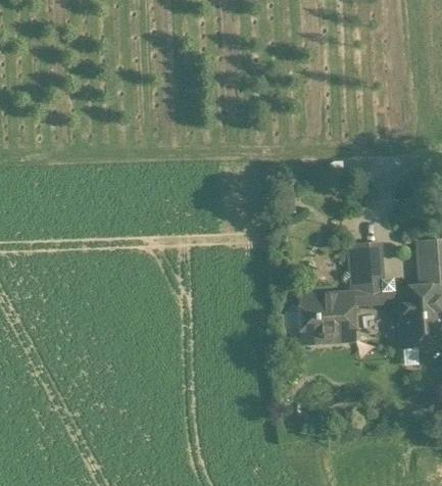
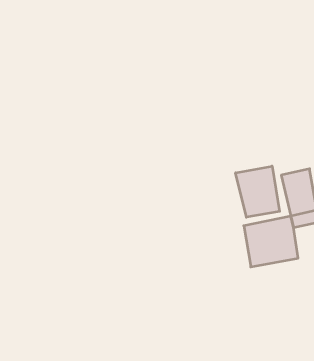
building: none -> [236,166,280,217]

